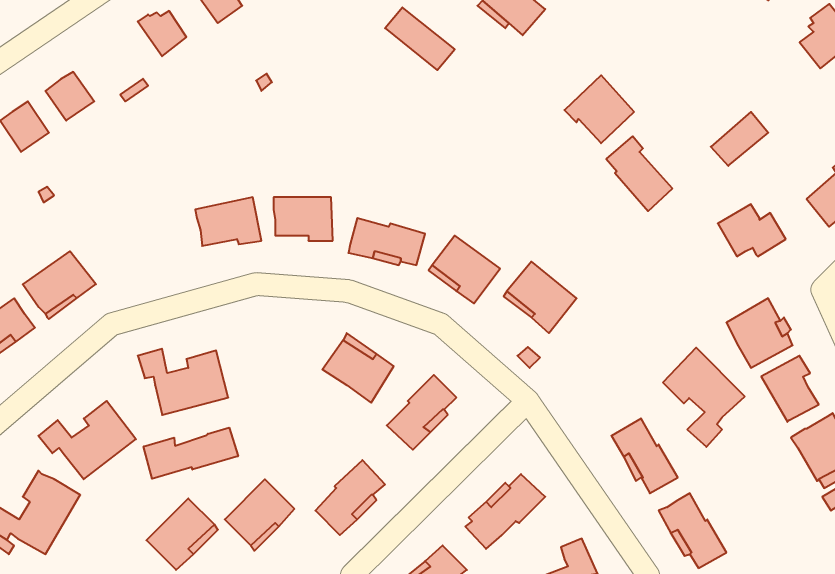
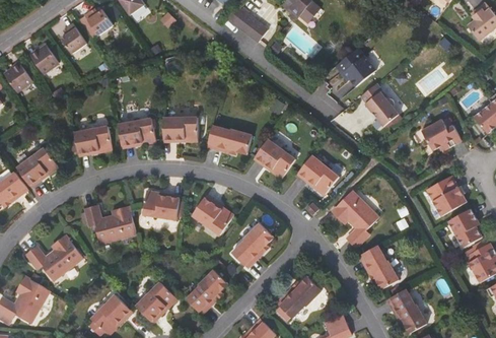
building: none -> [60,21,85,51]
building: none -> [73,124,111,151]
building: none -> [142,190,179,219]
building: [663,348,745,447] -> [332,190,379,248]
building: [144,428,238,479] -> none

